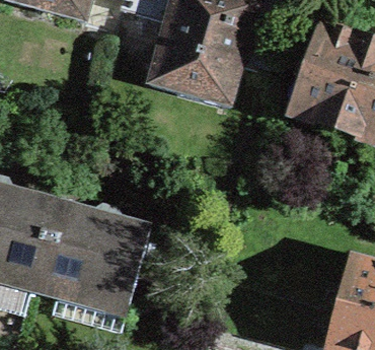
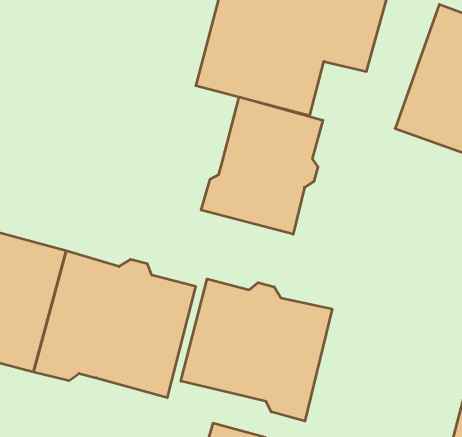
building: none -> [201,97,323,234]
building: none -> [181,279,332,421]

